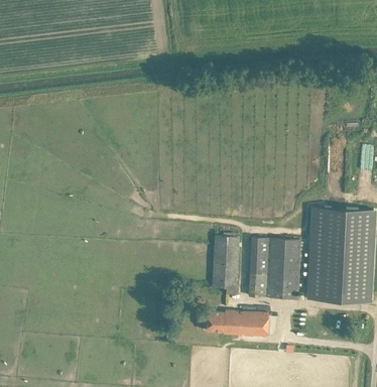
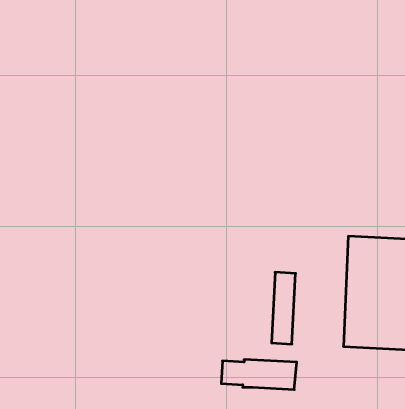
building: [213,235,240,294] -> none
building: [268,238,301,298] -> none

